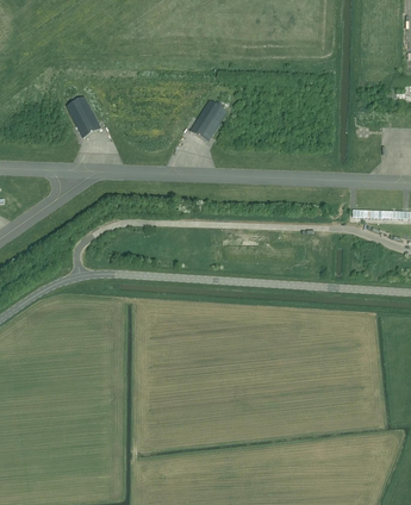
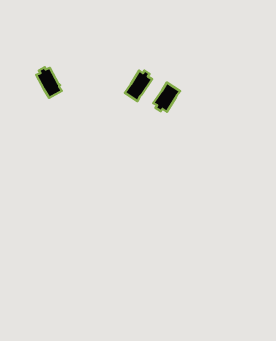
building: none -> [153,83,180,112]

